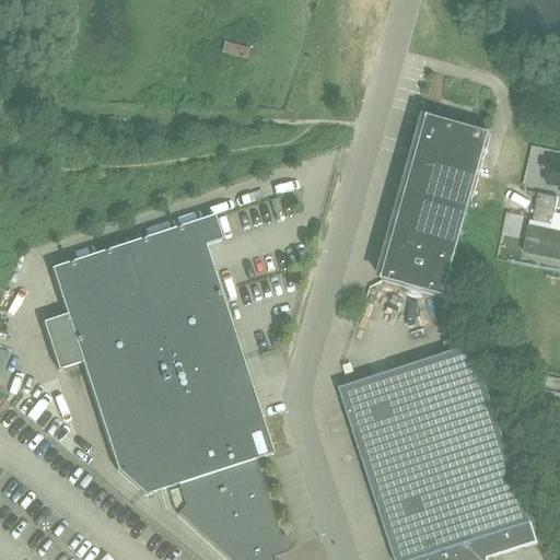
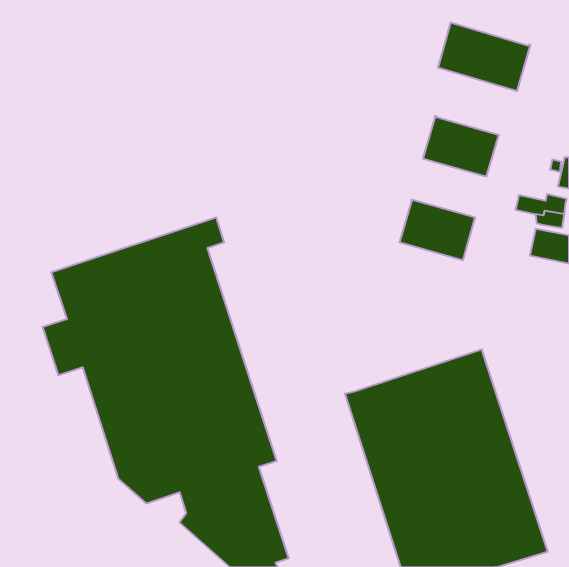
building: none -> [438,23,530,91]
building: [404,155,477,213] -> none
building: [381,237,454,295] -> none

